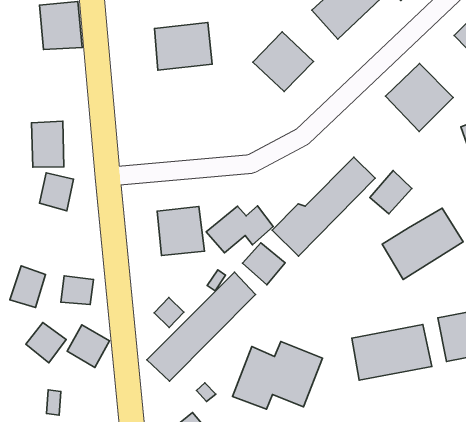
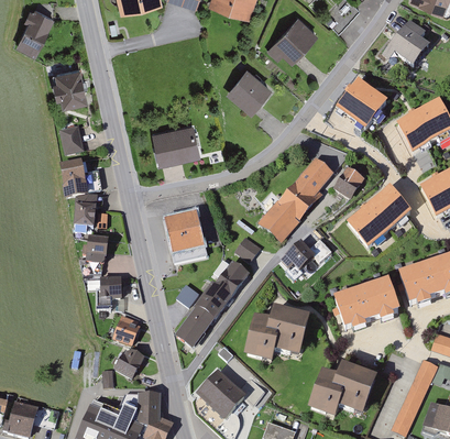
building: [155,23,212,70] -> [154,123,202,165]
building: none -> [56,124,83,154]
building: [206,206,273,253] -> [279,235,331,275]
building: [10,266,45,307] -> [85,234,110,265]
building: [26,322,66,363] -> [113,349,144,380]

